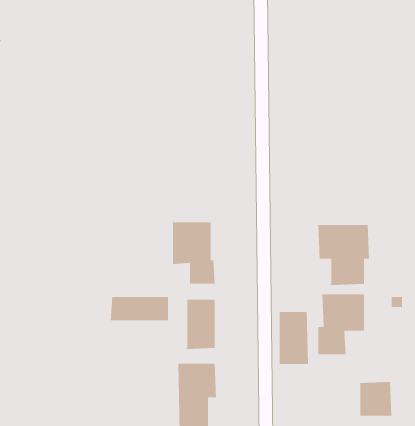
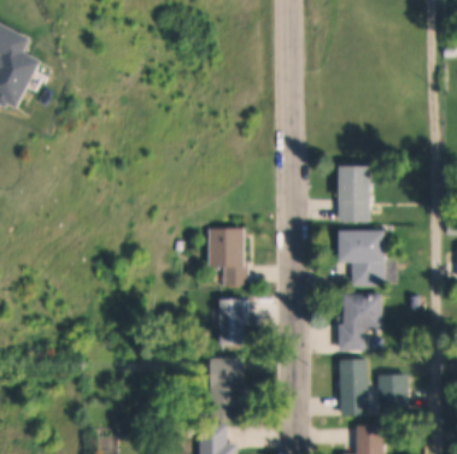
building: none -> [336,165,371,222]
building: [110,296,169,321] -> none
building: [279,311,309,365] -> [339,360,367,409]

